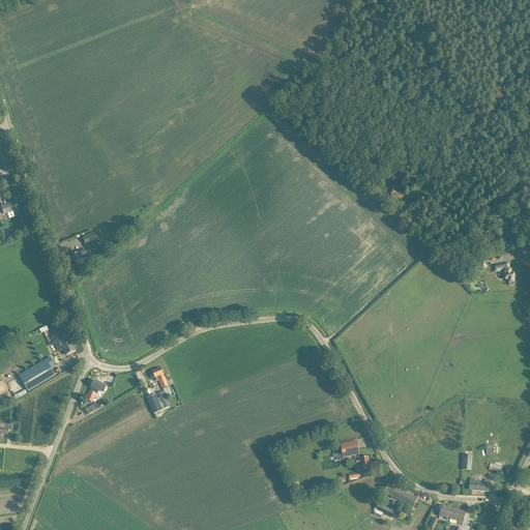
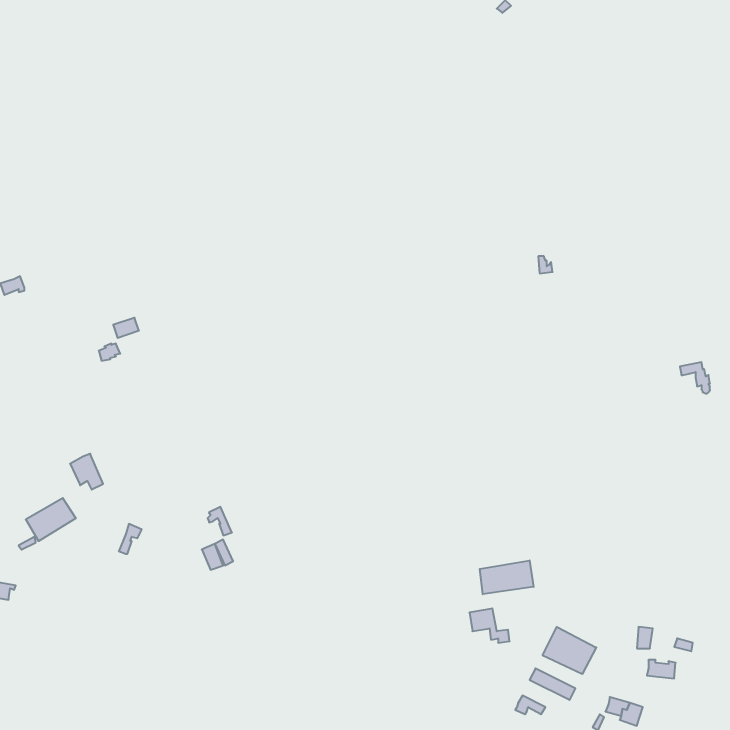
building: none -> [480,560,534,594]
building: none -> [543,627,596,674]

